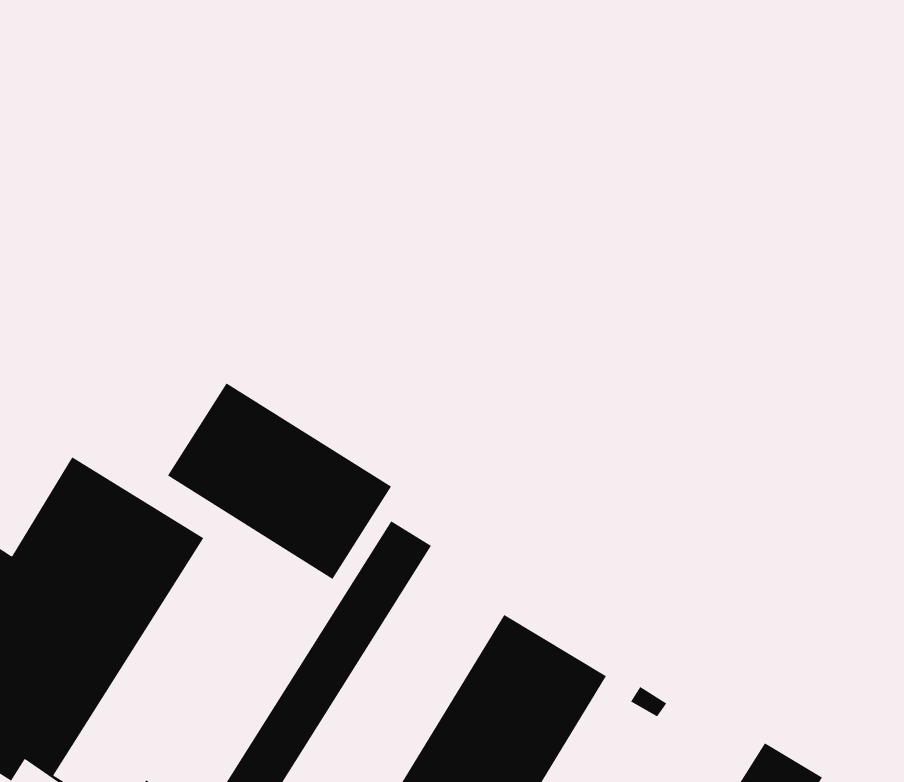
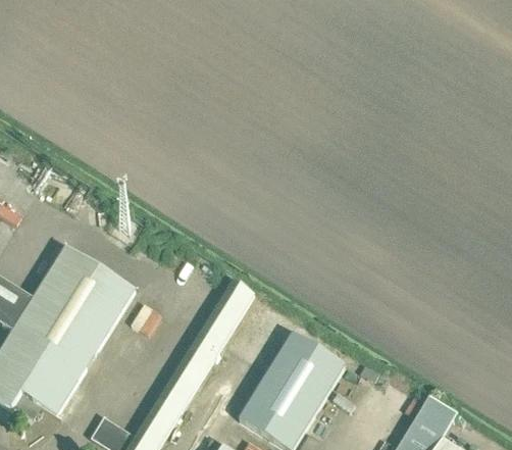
building: [167,382,392,580] -> none

